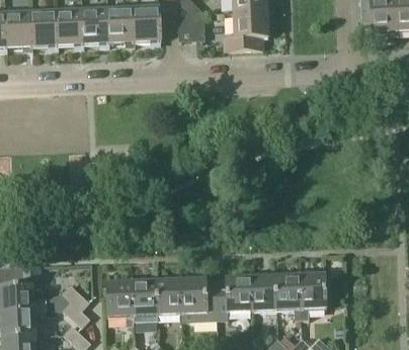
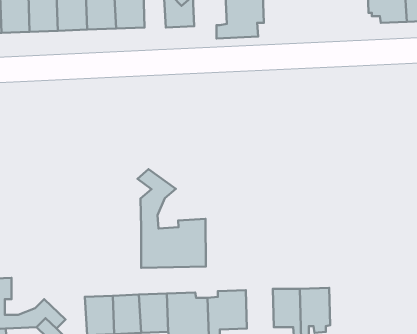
building: none -> [138,169,206,268]
building: [251,275,276,311] -> none

